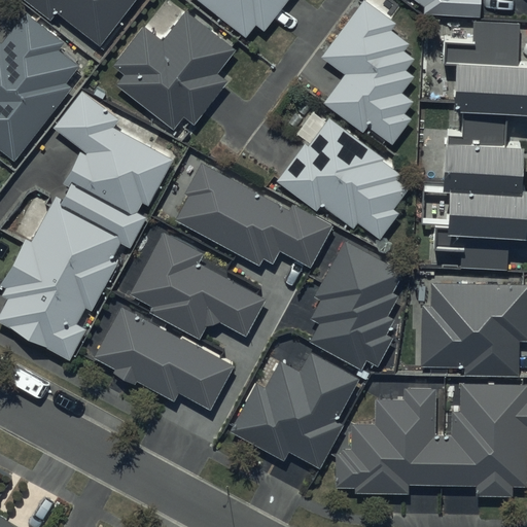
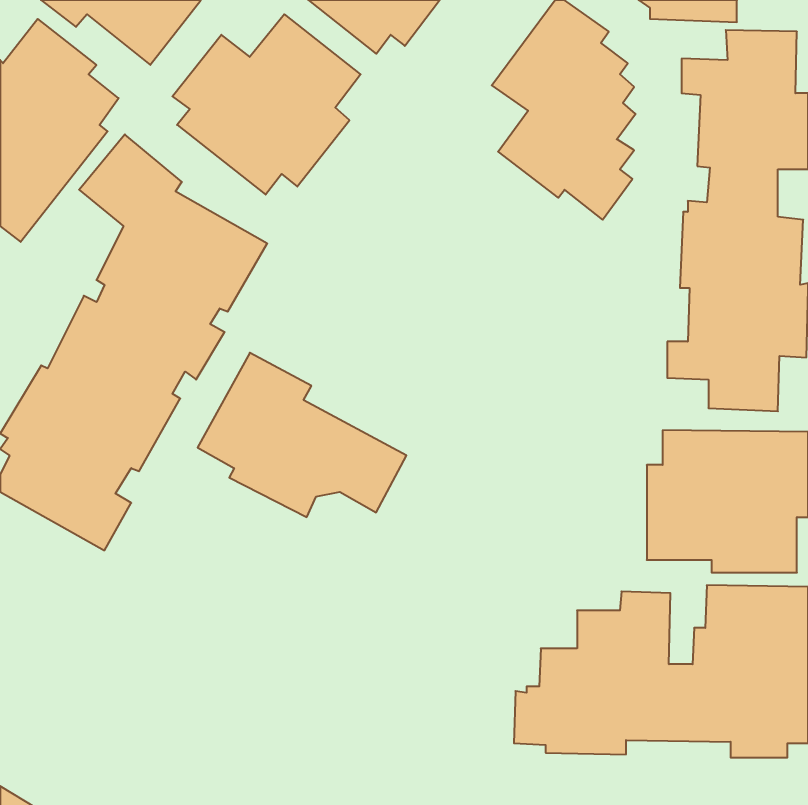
building: [276,107,410,239] -> none
building: [174,162,331,267] -> none
building: [309,239,405,368] -> none
building: [93,306,233,410] -> none
building: [229,350,359,467] -> none

